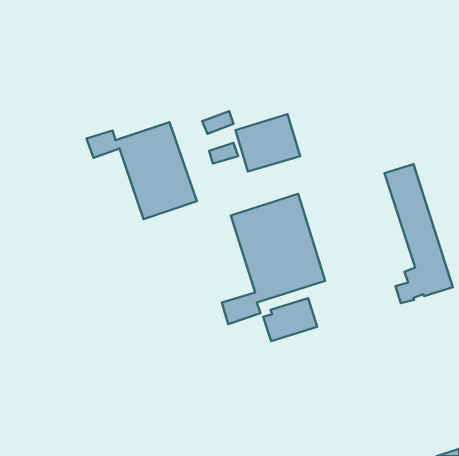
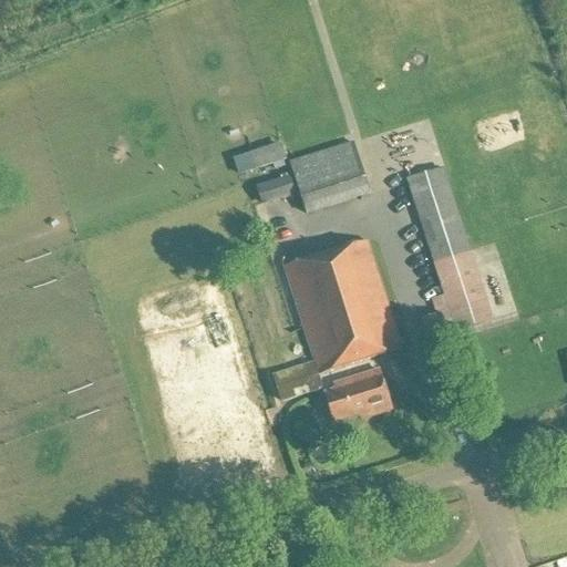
building: [87,122,197,219] -> none
building: [385,164,453,303] -> [408,167,492,339]

